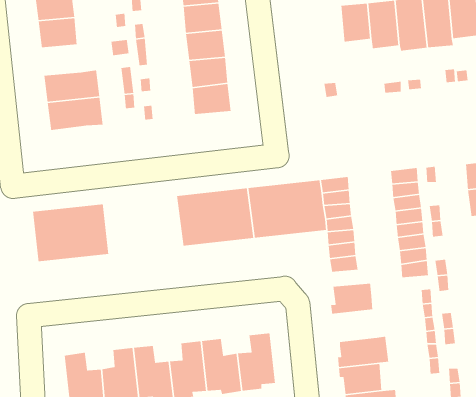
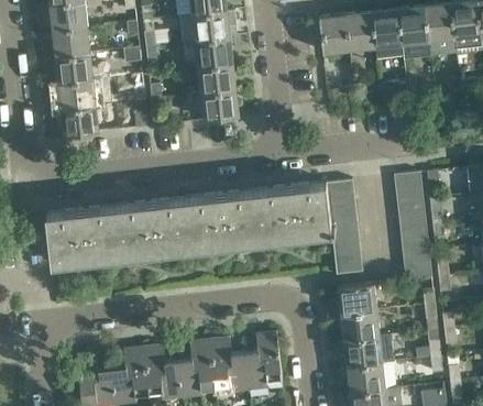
building: none -> [318,14,348,53]
building: none -> [54,53,92,83]
building: none -> [114,199,191,256]
building: none -> [336,310,380,341]

